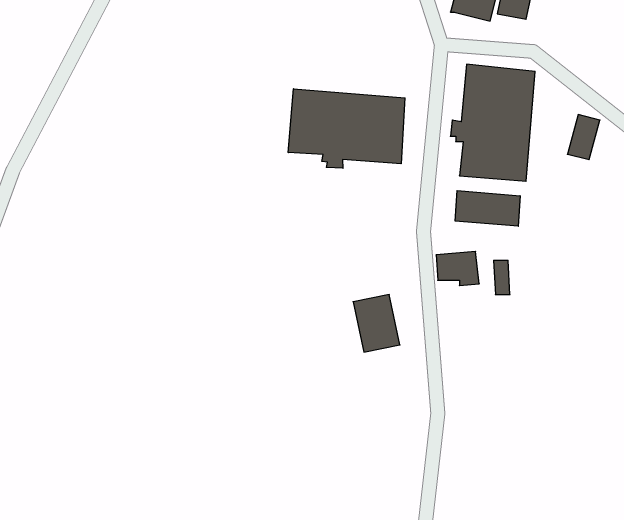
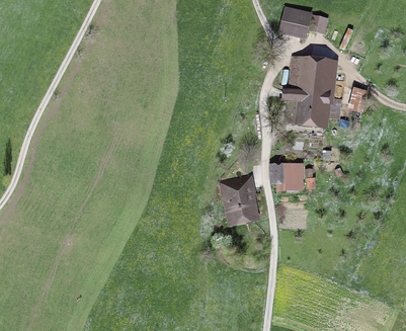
building: [288,89,405,168] -> none
building: [455,191,520,226] -> none

